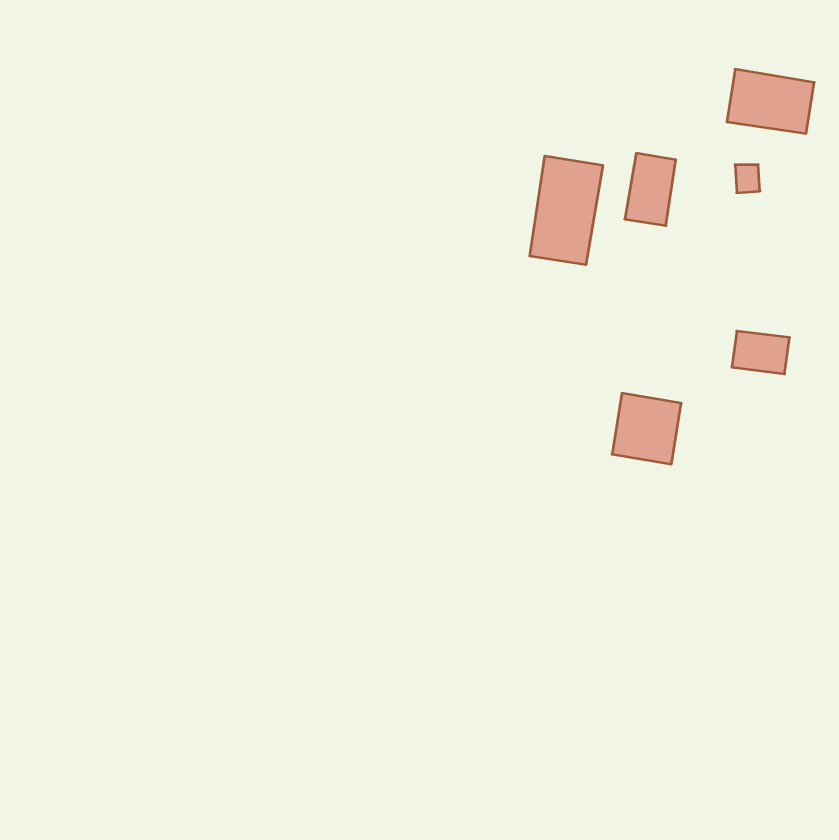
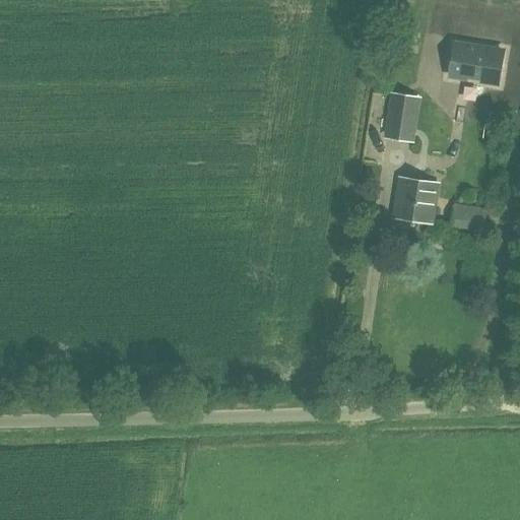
building: [530,156,603,265] -> none
building: [612,393,681,464] -> [393,178,436,221]

